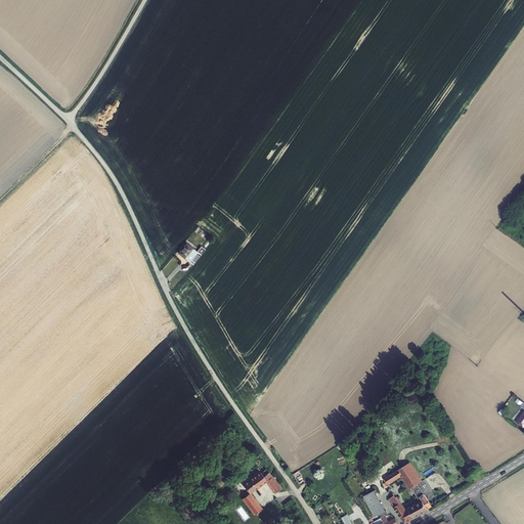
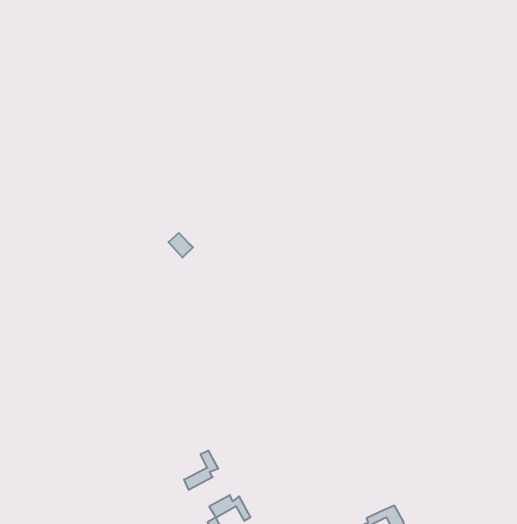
building: none -> [184,450,218,490]

